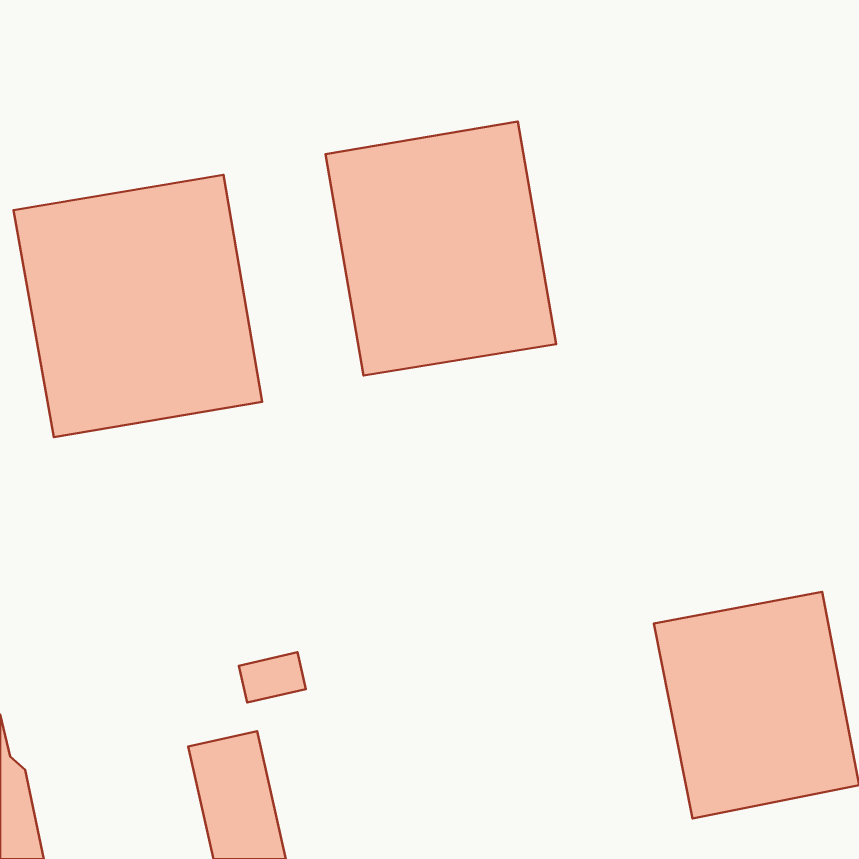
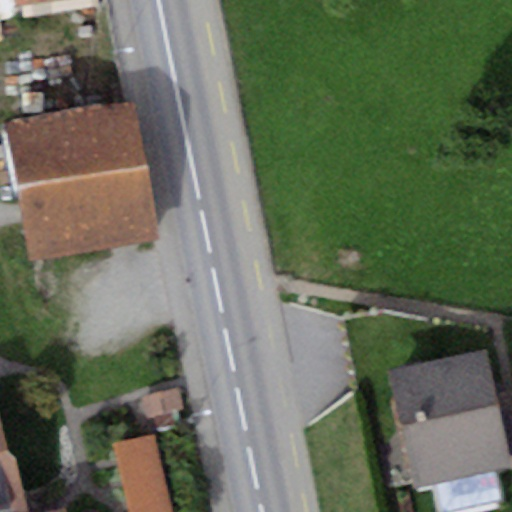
building: [326,121,556,375] -> none

